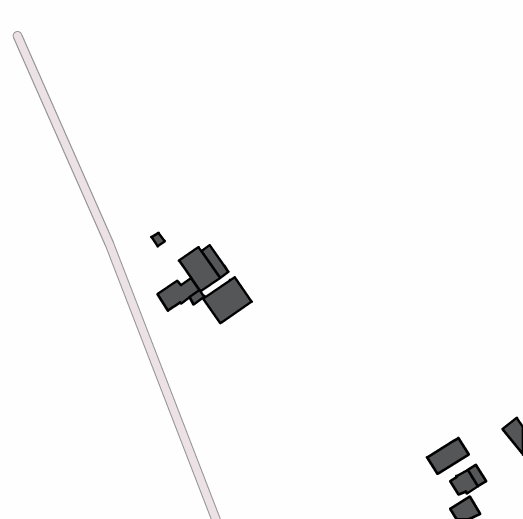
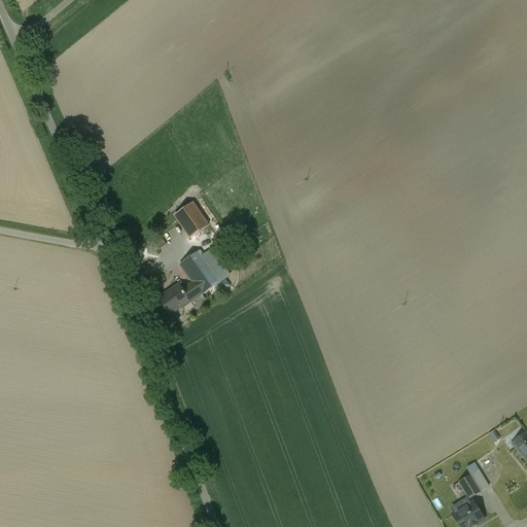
building: none -> [175,201,208,236]
building: [203,277,252,323] -> none
building: [427,438,469,474] -> none

